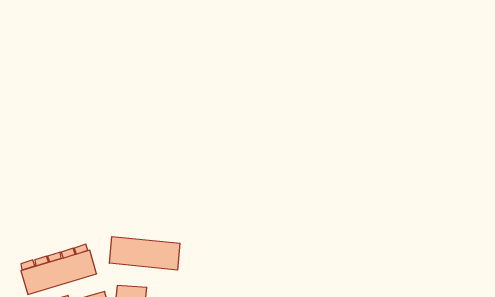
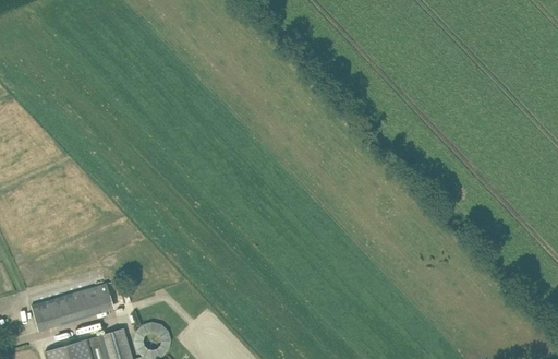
building: [109,237,180,270] -> none

